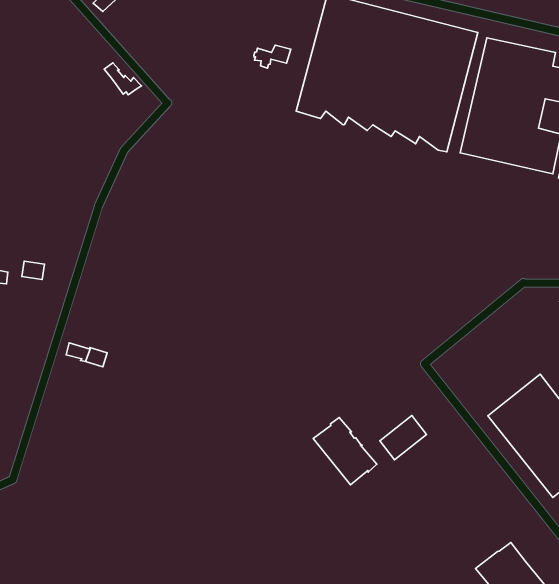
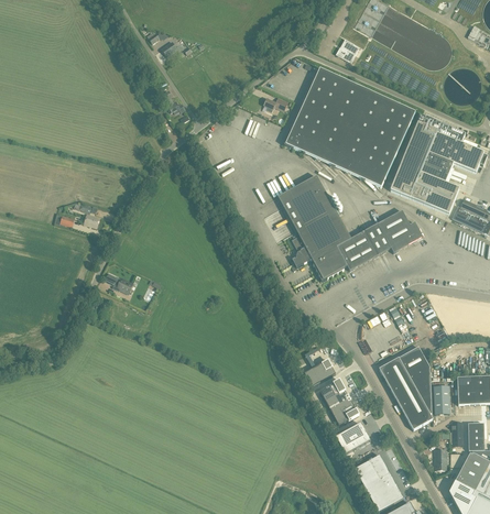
building: none -> [277,175,423,278]
building: [313,417,377,485] -> [319,379,359,425]
building: none -> [336,422,370,453]

